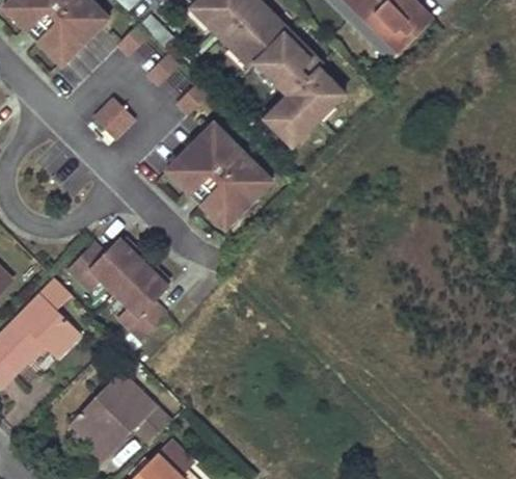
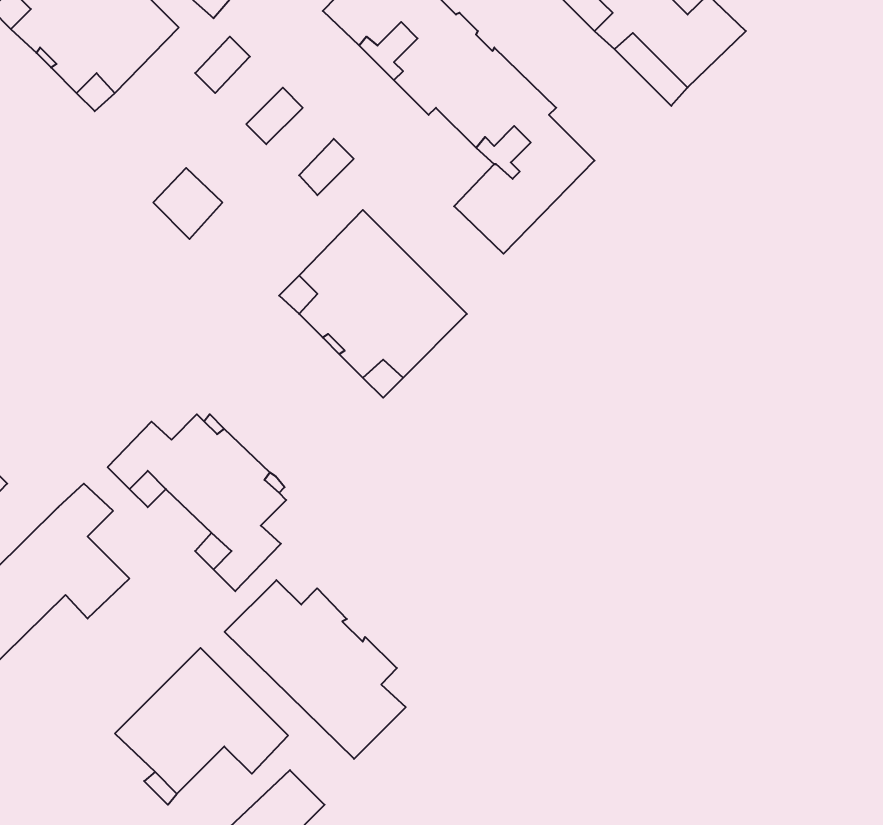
building: none -> [225,580,406,759]

